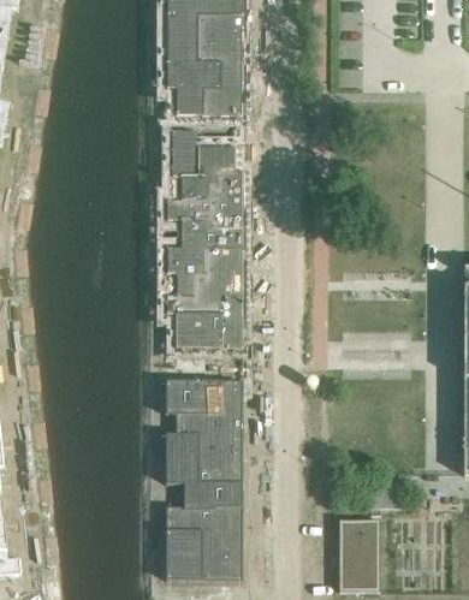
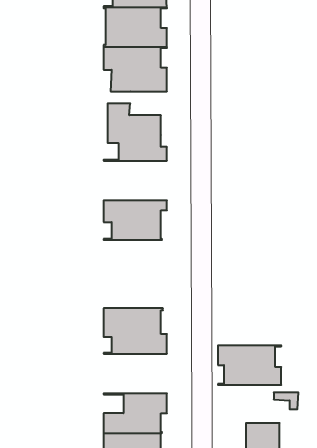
building: [166,201,243,249] -> none
building: [166,297,243,349] -> none
building: [166,435,243,483] -> [218,345,281,385]

